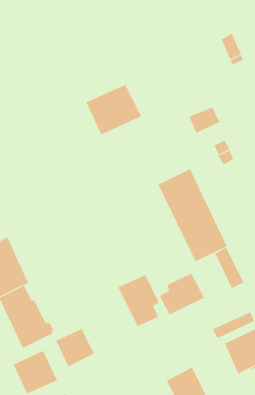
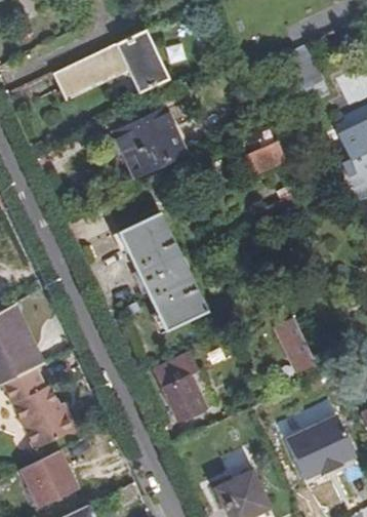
building: none -> [53,29,168,100]
building: [157,168,228,262] -> [117,211,206,330]
building: [159,273,205,315] -> none
building: [56,328,94,367] -> none

